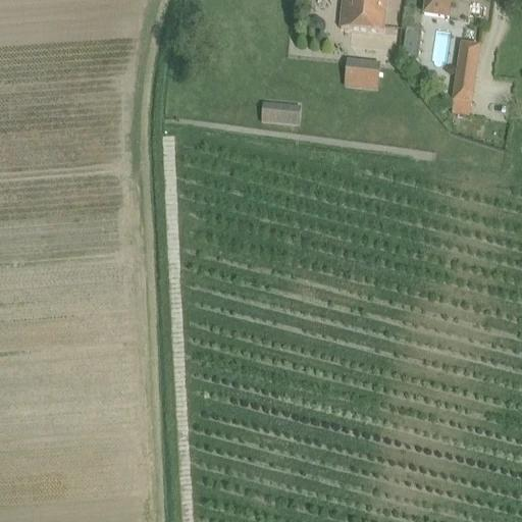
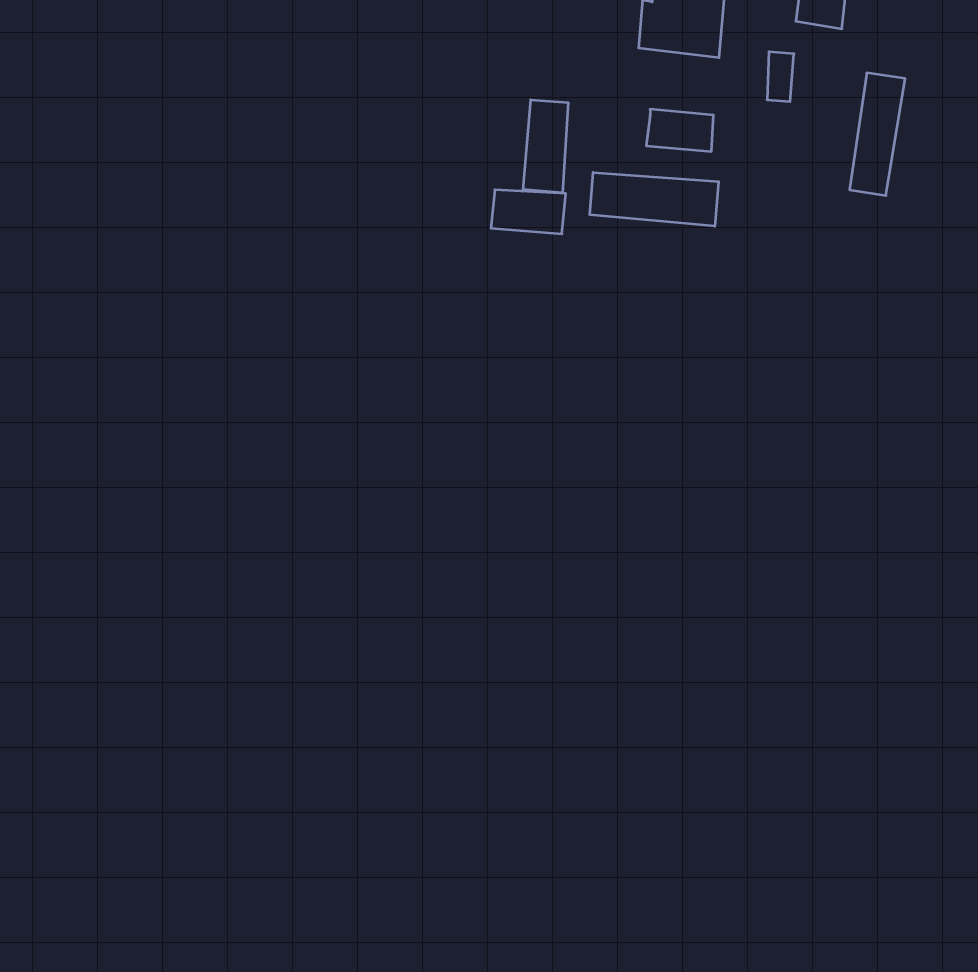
building: none -> [523,100,568,193]
building: none -> [590,172,719,226]

